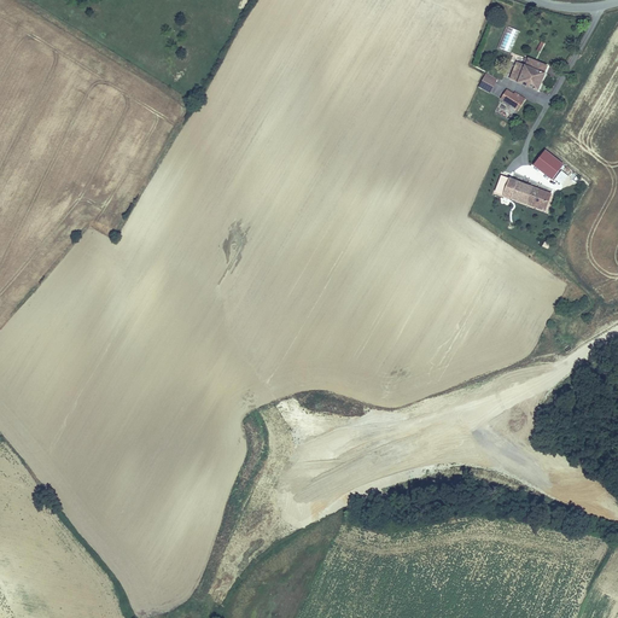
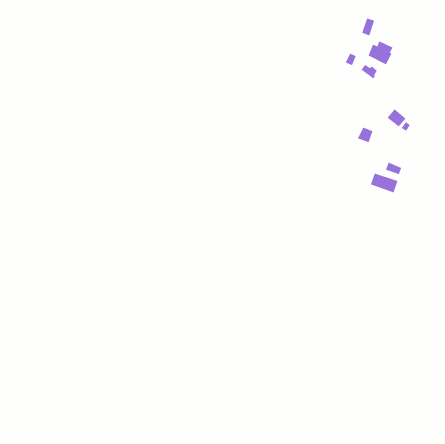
building: [512,181,552,210] -> [370,173,399,194]

